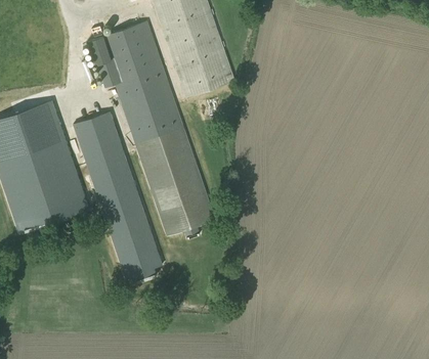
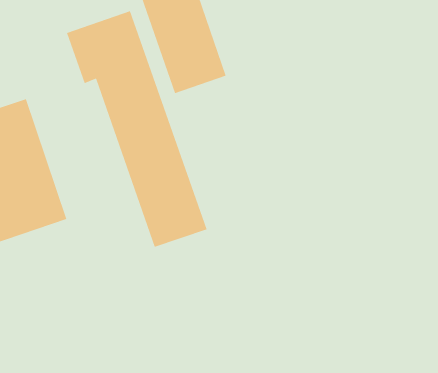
building: [74,113,163,284] -> none

